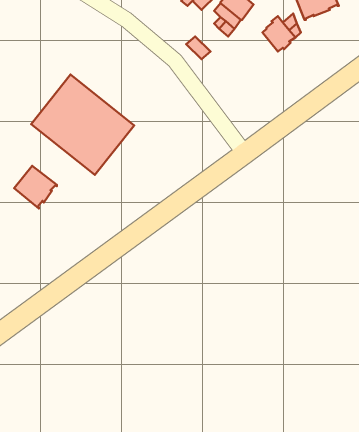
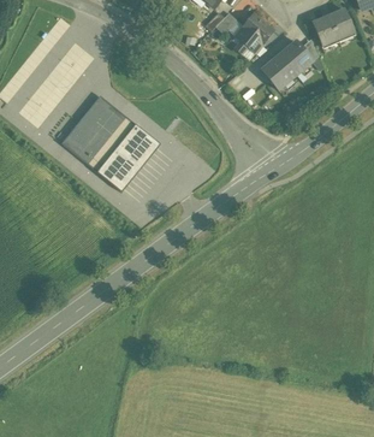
building: none -> [261,55,296,88]
building: [14,166,57,208] -> none

